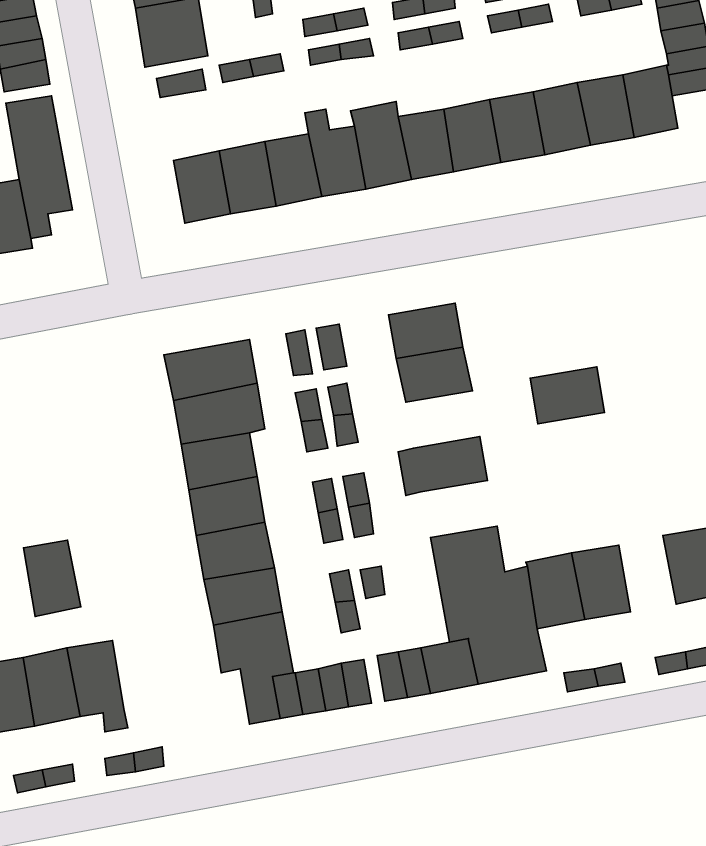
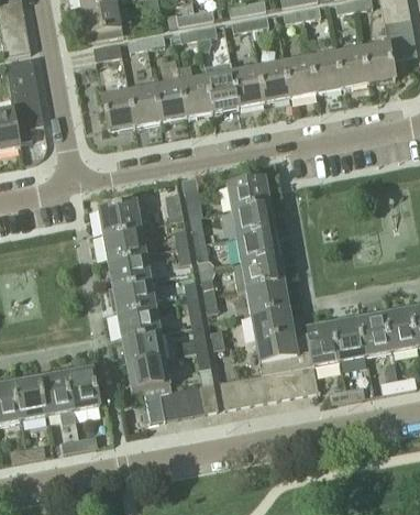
building: [530,367,604,424] -> [235,228,278,261]
building: none -> [244,280,288,313]
building: none -> [358,311,391,355]
building: [24,540,81,616] -> [66,368,99,412]

